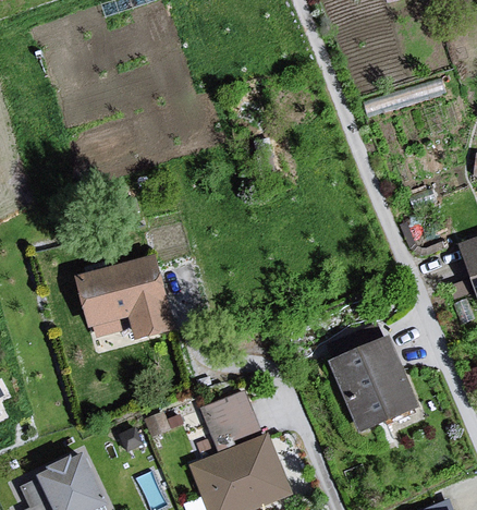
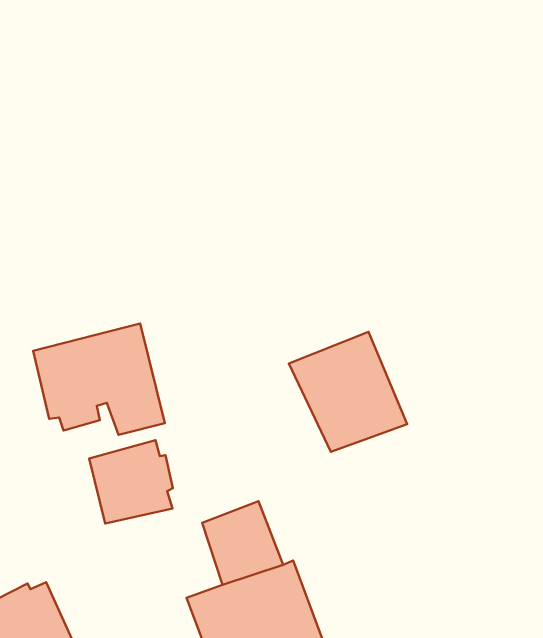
building: [327,336,416,426] -> [289,332,407,452]
building: none -> [89,440,173,524]

